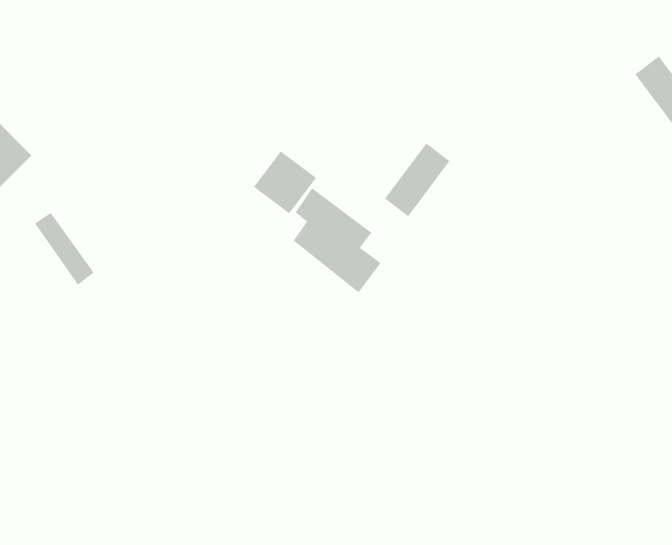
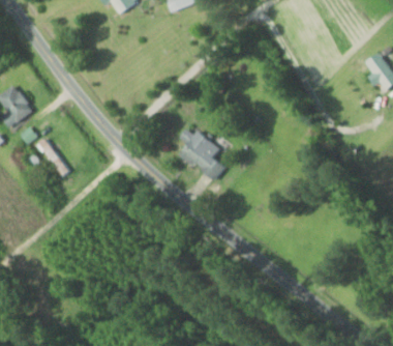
building: [384,142,450,217] -> none
building: [253,151,317,214] -> none

